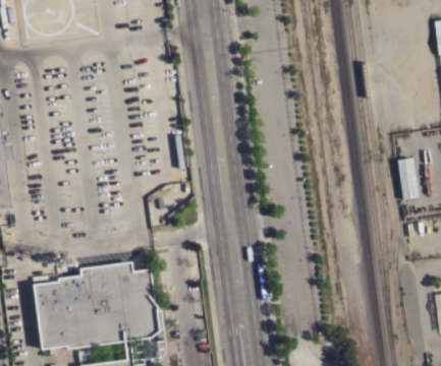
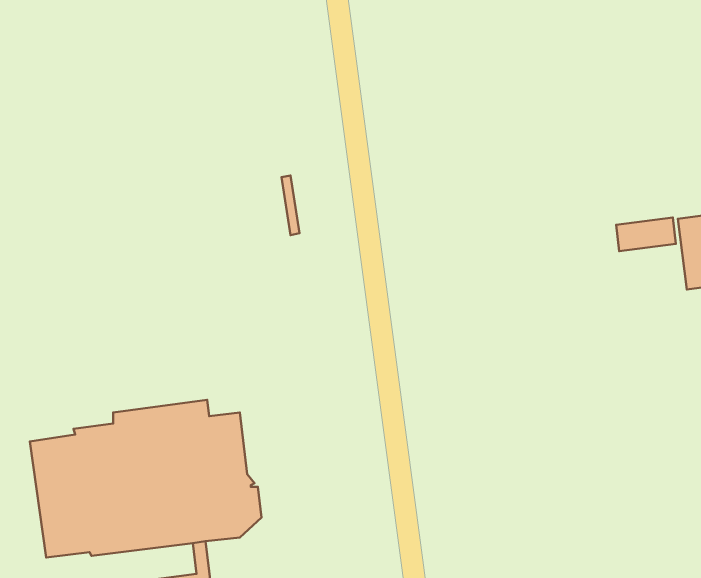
building: none -> [616,217,676,251]

